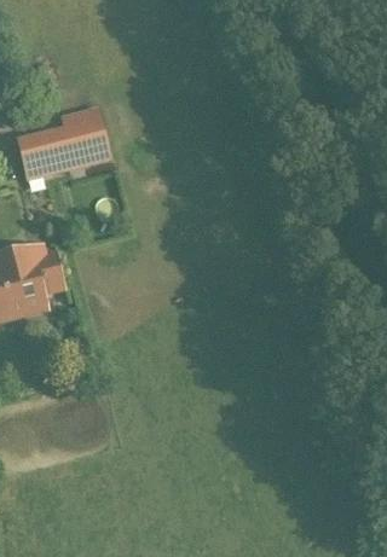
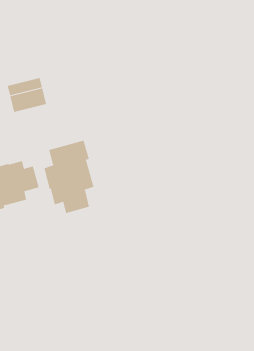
building: [64,110,110,166] -> none
building: none -> [44,140,94,214]

